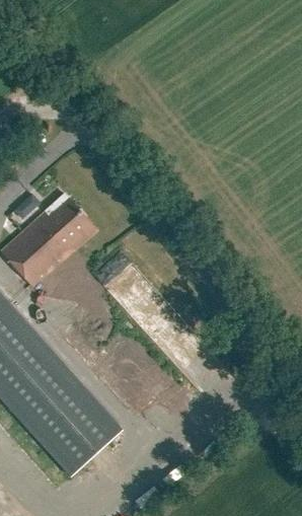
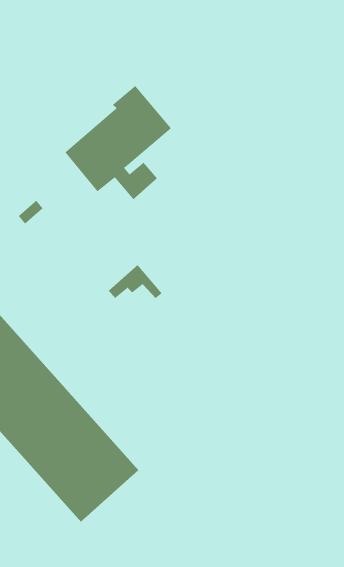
building: [5,192,98,292] -> [65,85,172,200]

